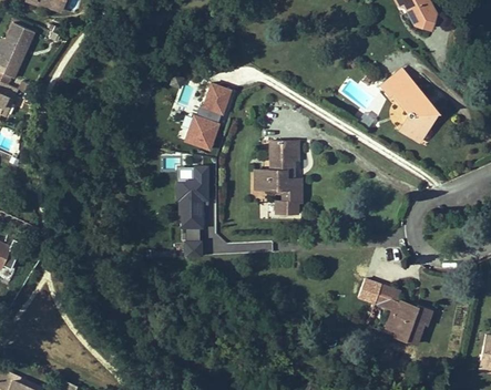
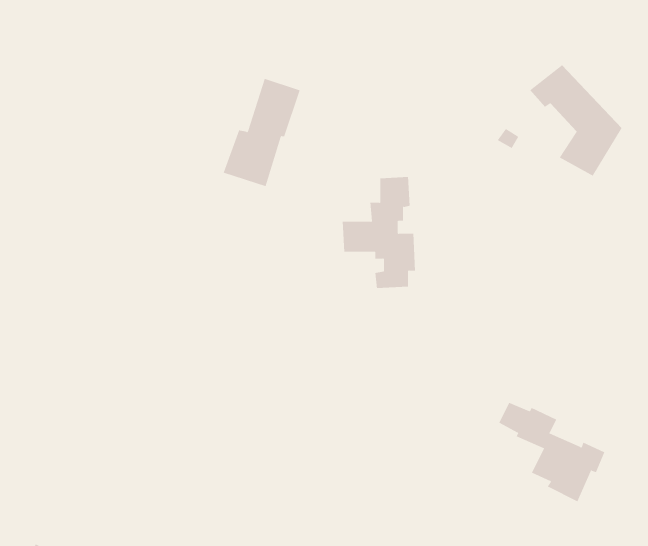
building: [177,163,206,254] -> none

